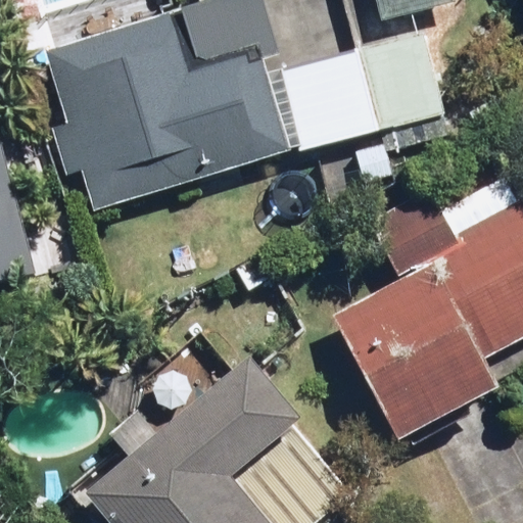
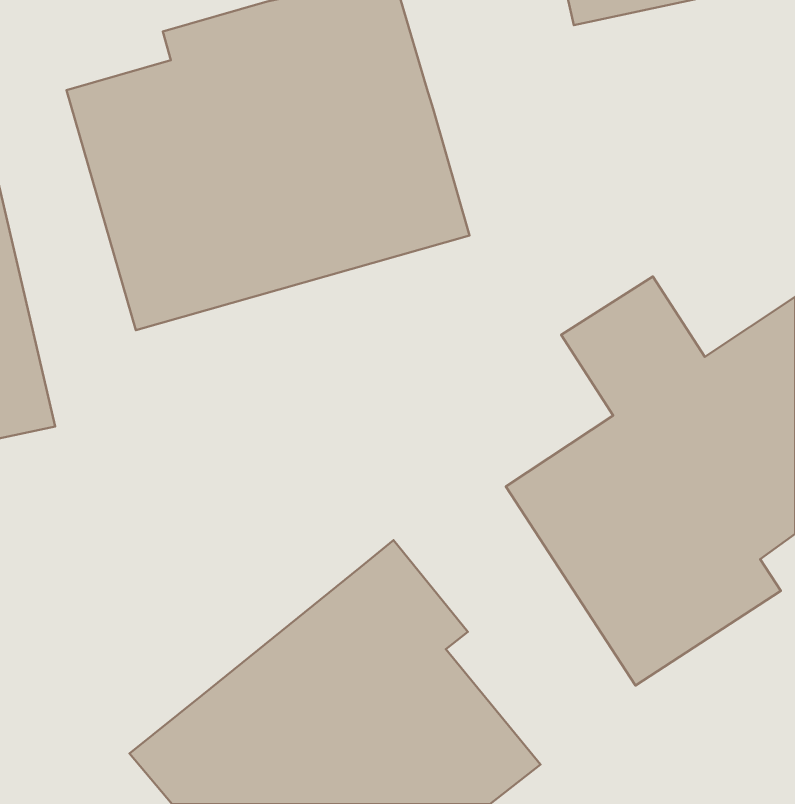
building: [280,31,440,179] -> none

